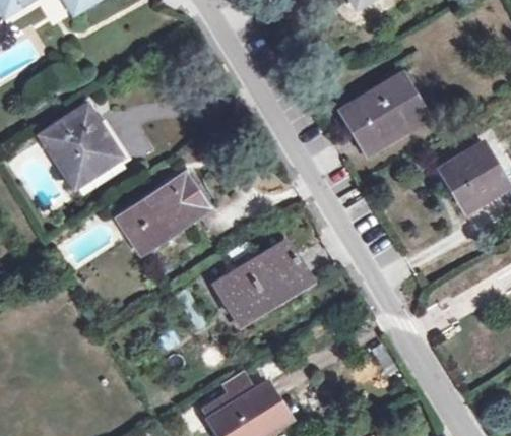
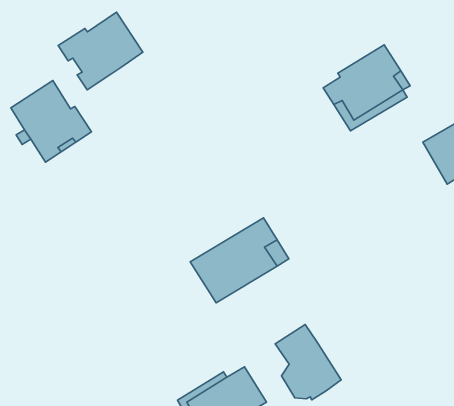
building: none -> [58,12,143,90]
building: [121,174,210,250] -> none
building: none -> [275,324,341,400]

